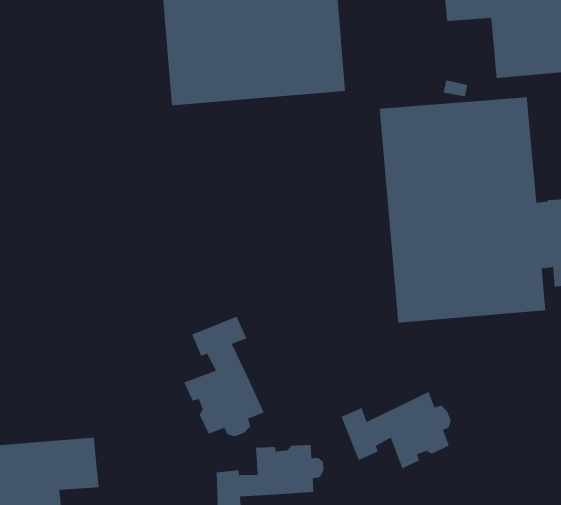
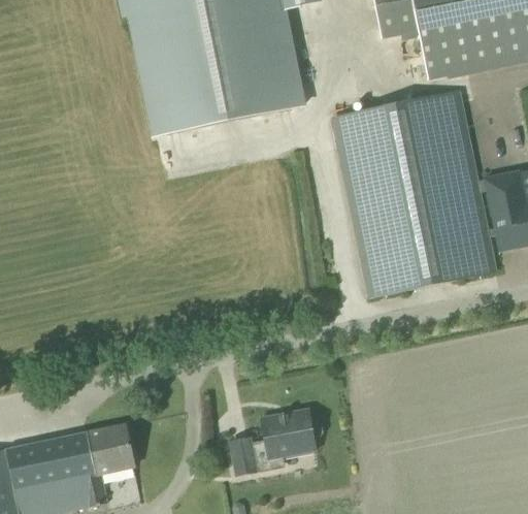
building: [183,316,265,437] -> none
building: [341,391,451,469] -> none

